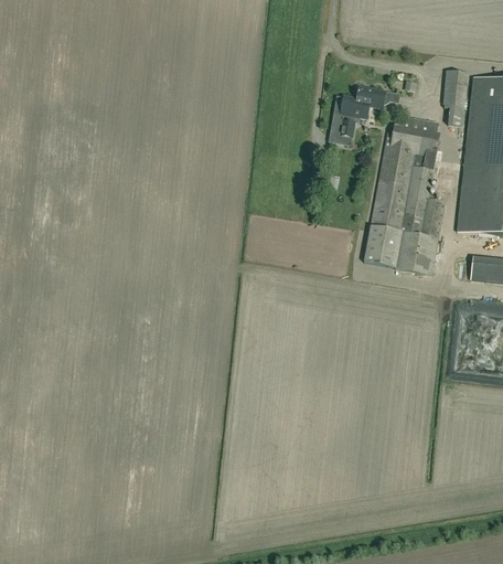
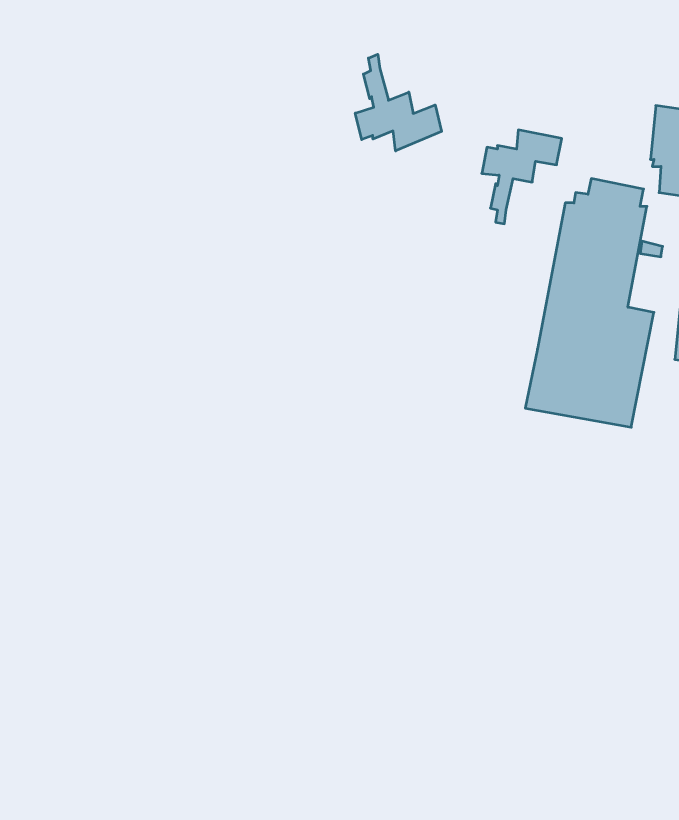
building: none -> [355,54,442,151]

